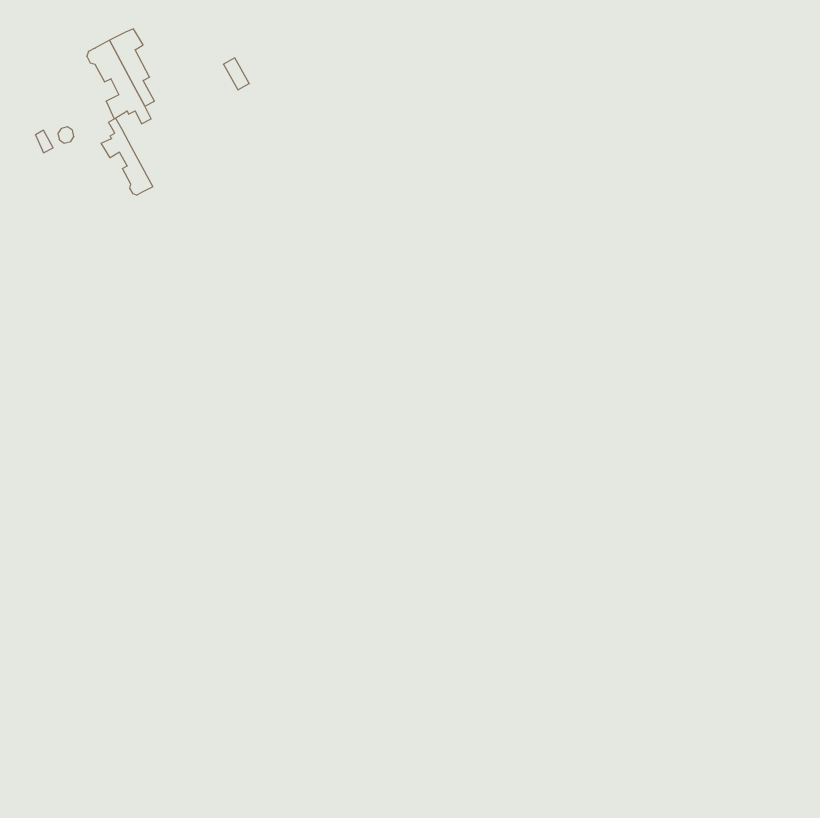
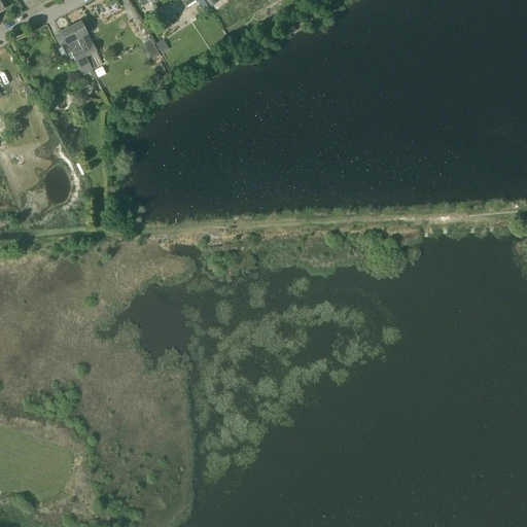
building: [101,118,153,195] -> none

